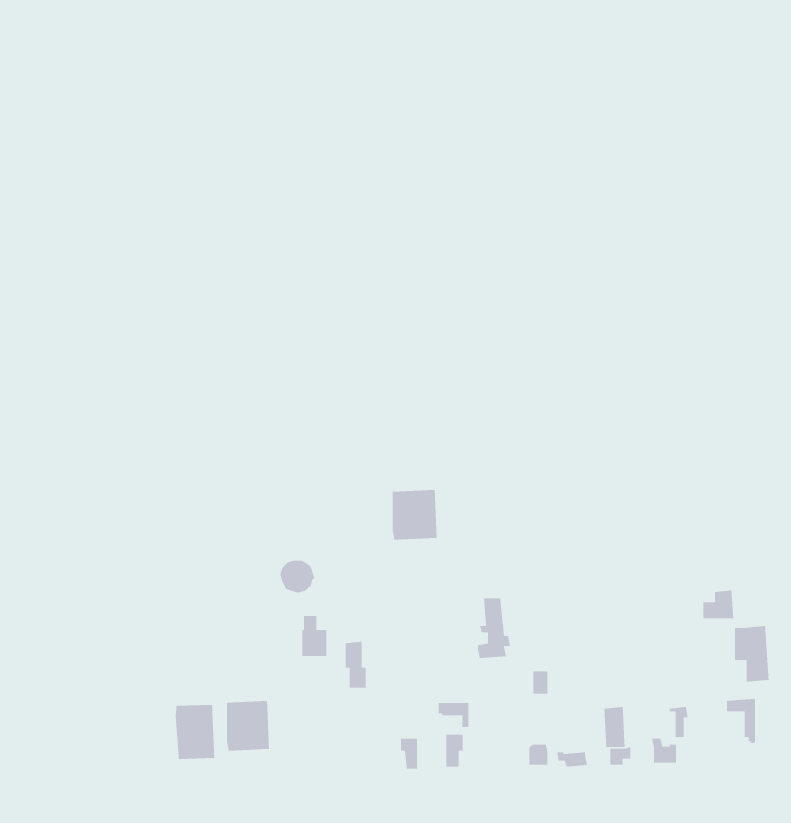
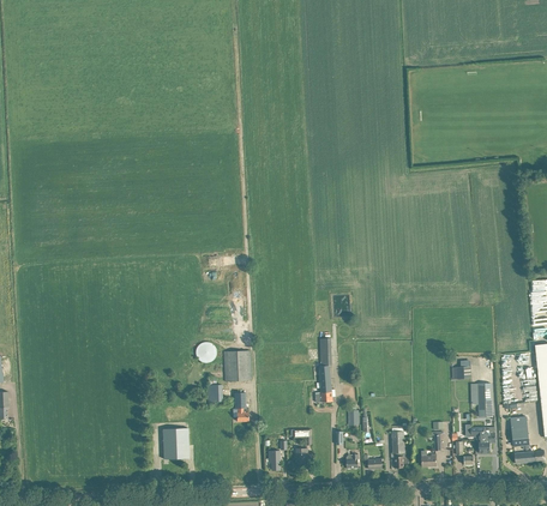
building: [392,489,437,541] -> [223,350,251,381]
building: [175,704,215,760] -> none

